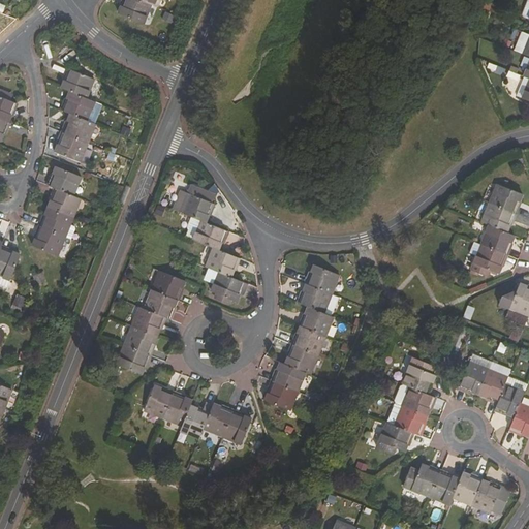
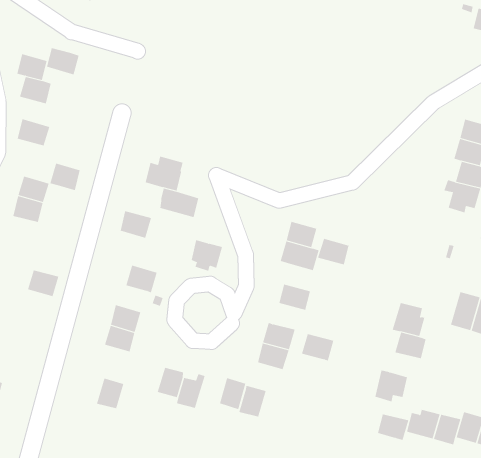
building: [61,113,95,143] -> [46,47,79,75]
building: [49,165,81,195] -> [49,163,80,191]
building: [32,226,65,255] -> [27,270,59,297]
building: [206,247,238,276] -> none
building: [152,269,185,299] -> [120,210,152,238]
building: [131,306,164,336] -> none
building: [300,306,333,335] -> [317,238,349,265]
building: [284,343,318,373] -> [301,333,334,361]
building: [143,384,173,416] -> [96,378,124,409]
building: [203,402,232,435] -> [238,385,266,417]
building: [394,405,427,434] -> [377,414,409,441]

